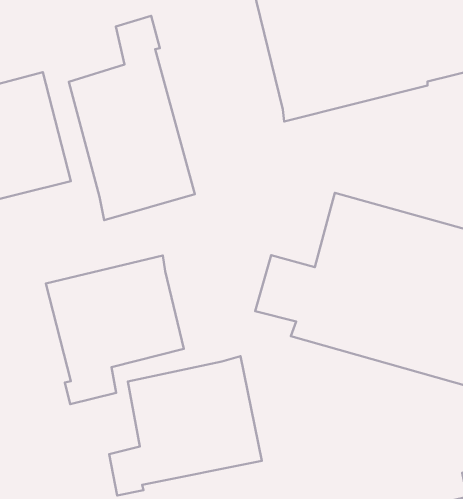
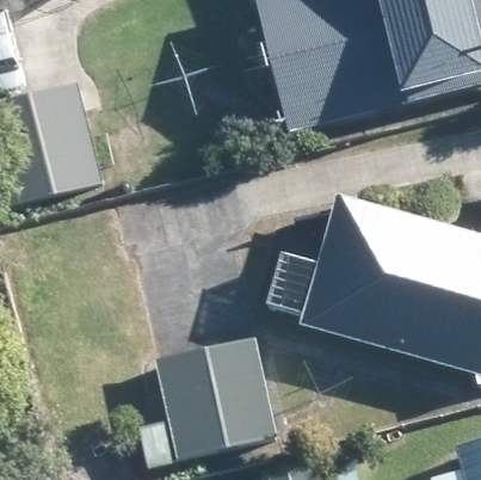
building: [69,16,195,220] -> none
building: [46,255,184,404] -> none

